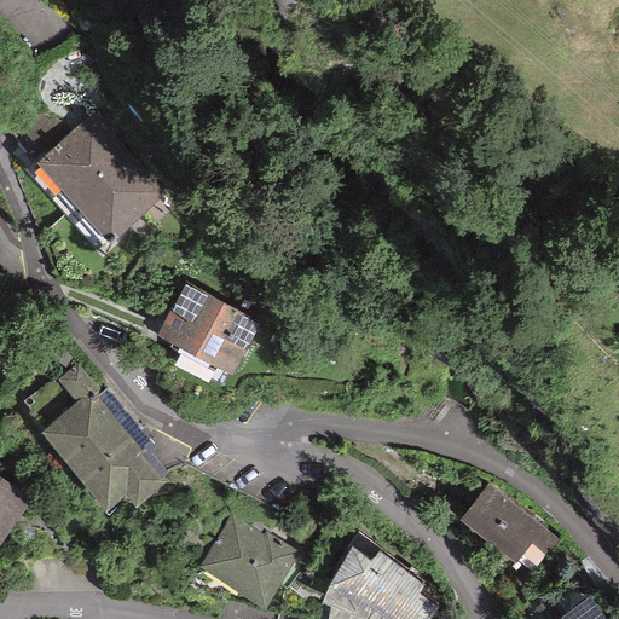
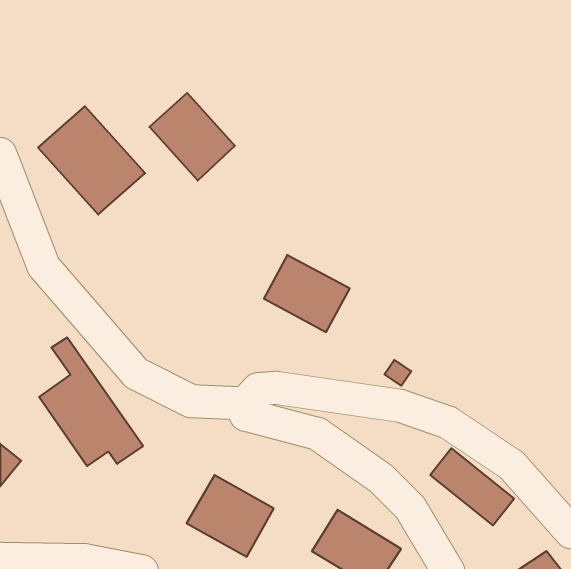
building: none -> [149,93,235,181]
building: [157,287,250,370] -> [264,255,350,332]

